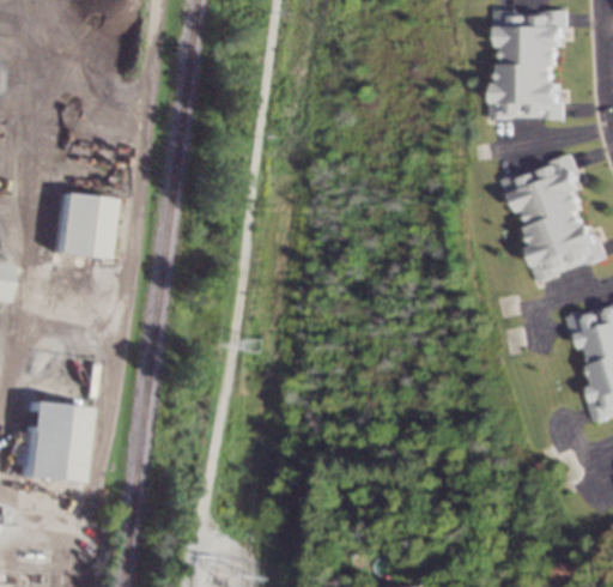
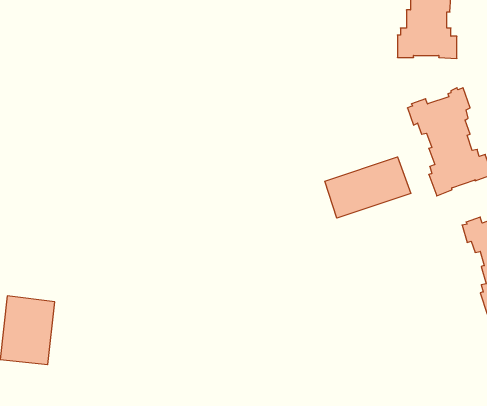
building: [54,194,114,260] -> none
building: none -> [325,157,411,218]

